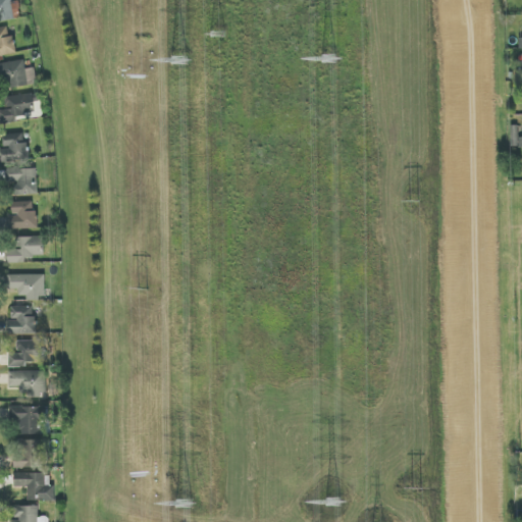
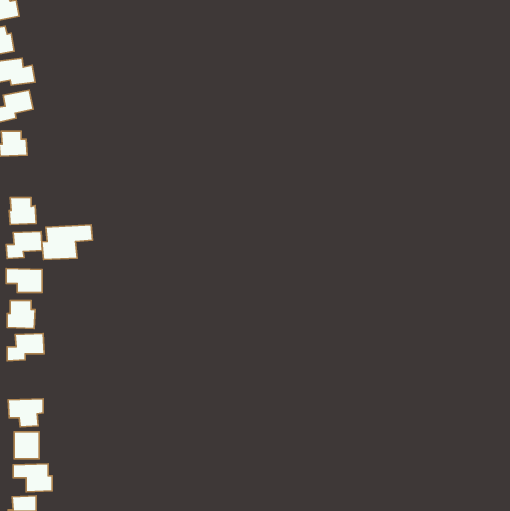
building: [5,167,36,195] -> none
building: none -> [42,225,92,260]
building: [7,370,45,395] -> none

